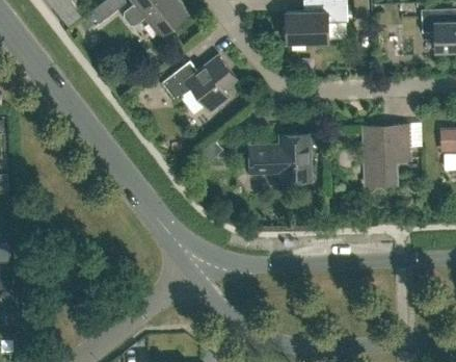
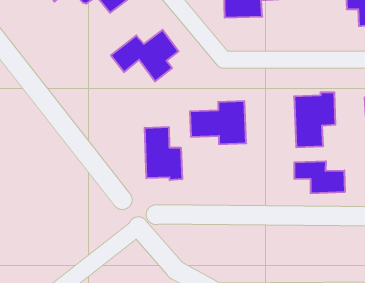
building: none -> [145,127,182,180]
building: none -> [294,161,345,193]

